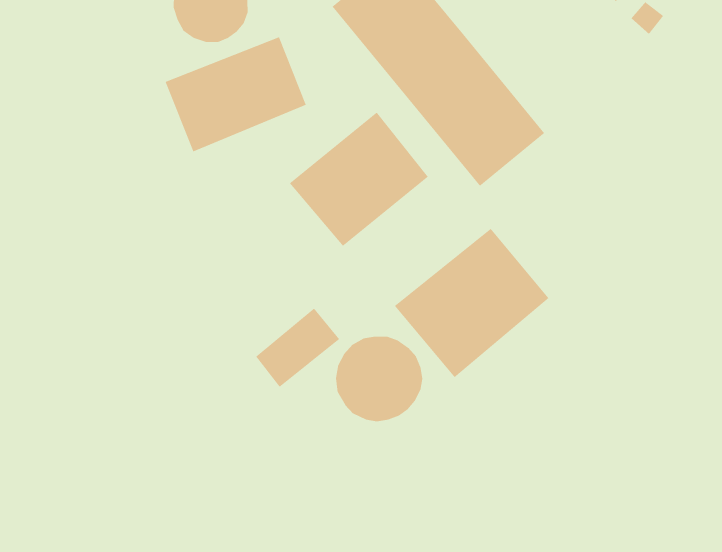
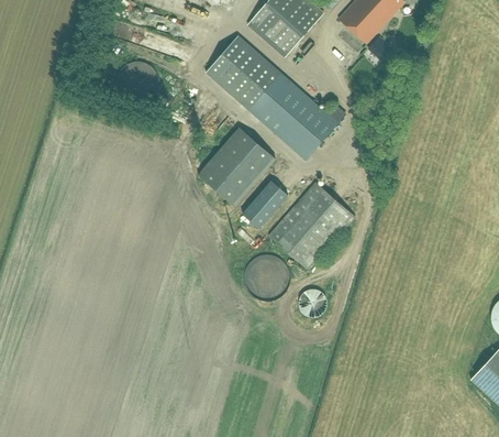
building: [164,36,307,152] -> none
building: [255,308,340,388] -> [242,179,288,228]
building: none -> [299,289,329,319]

